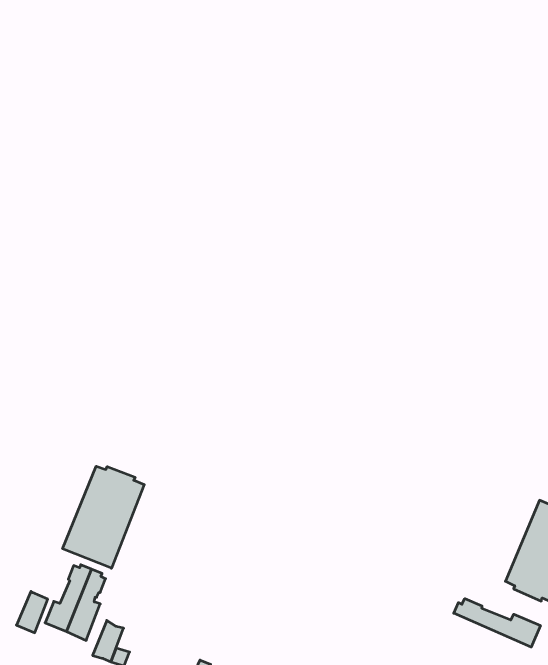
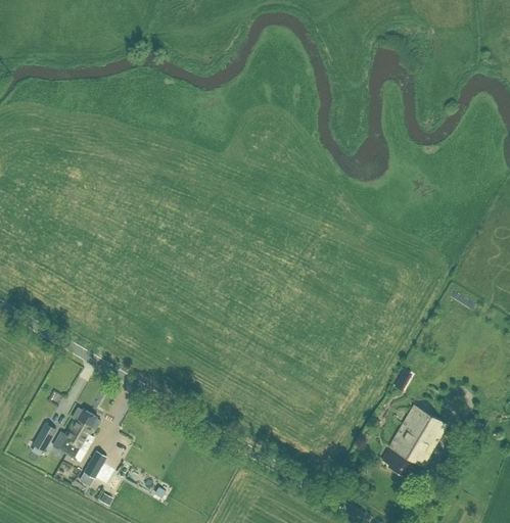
building: [63,466,144,568] -> none
building: [454,599,540,647] -> none

